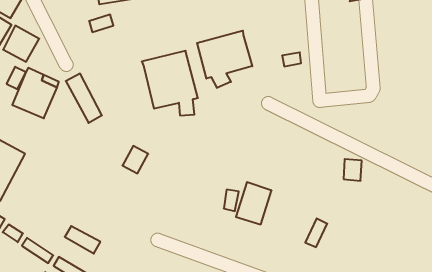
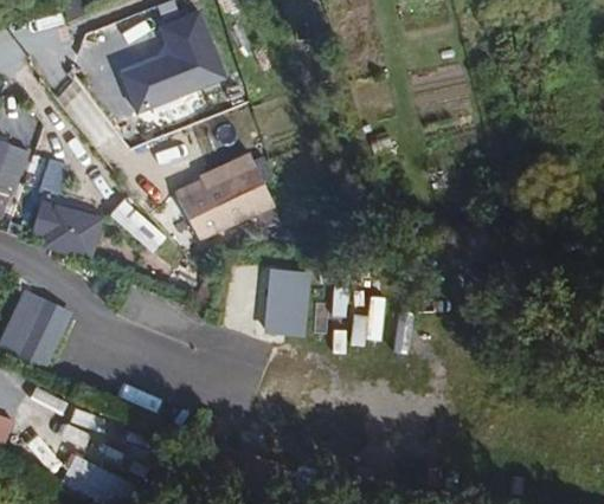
building: [197,31,252,88] -> none
building: none -> [176,179,221,239]
building: none -> [265,269,308,336]

